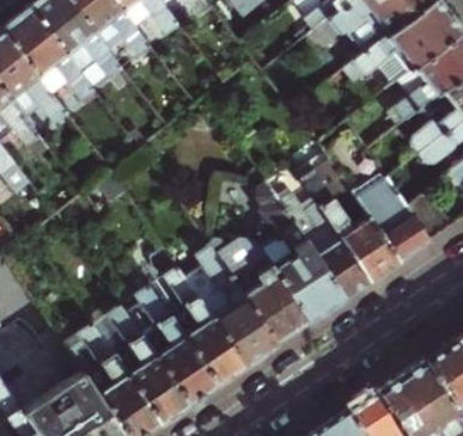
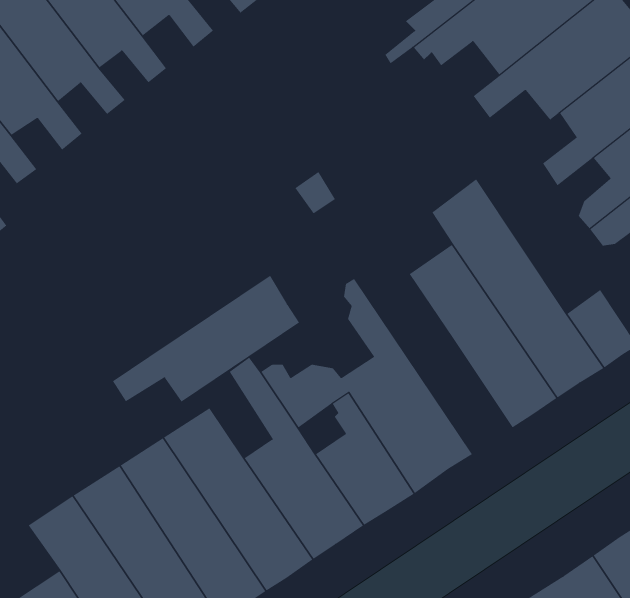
building: [268,176,371,300] -> none
building: none -> [112,275,300,403]

